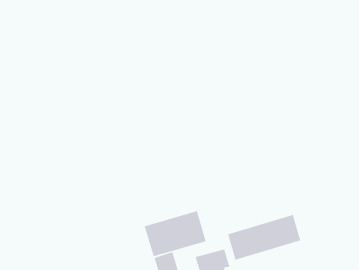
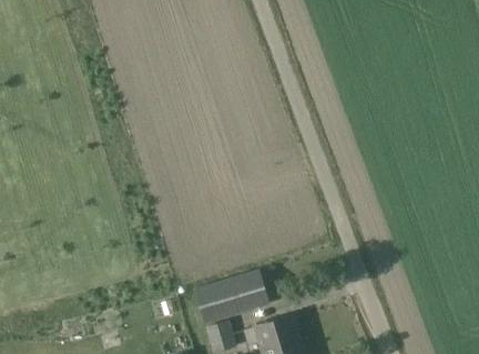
building: [227,214,301,260] -> none

